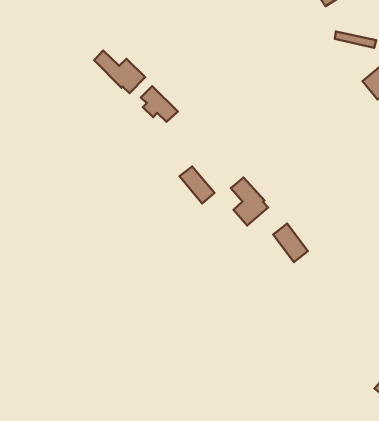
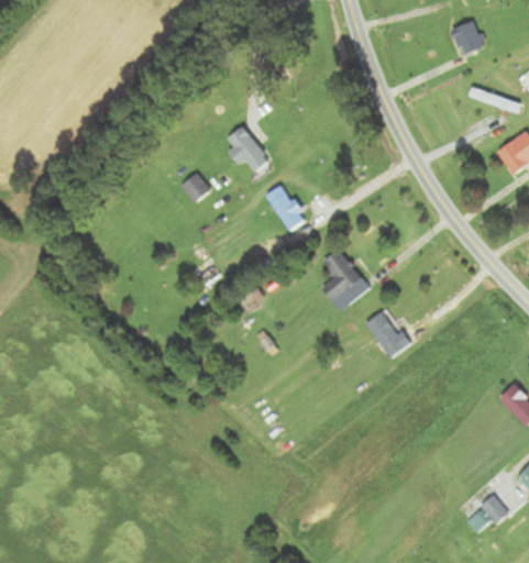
building: [94,50,145,93] -> none
building: none -> [179,172,210,201]
building: [180,166,214,204] -> [265,184,305,230]

